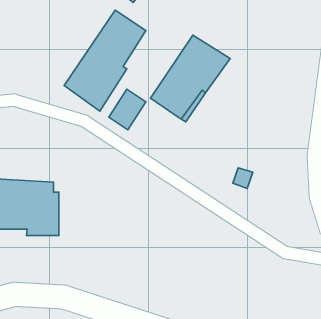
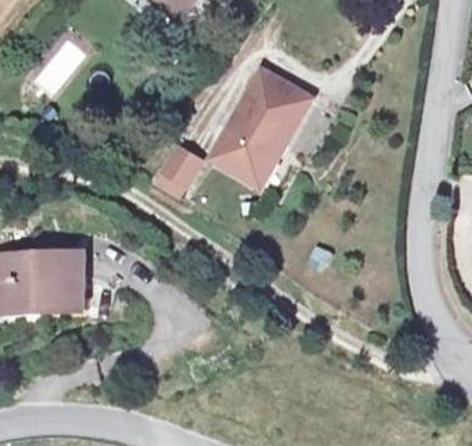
building: [64,10,146,111] -> none

